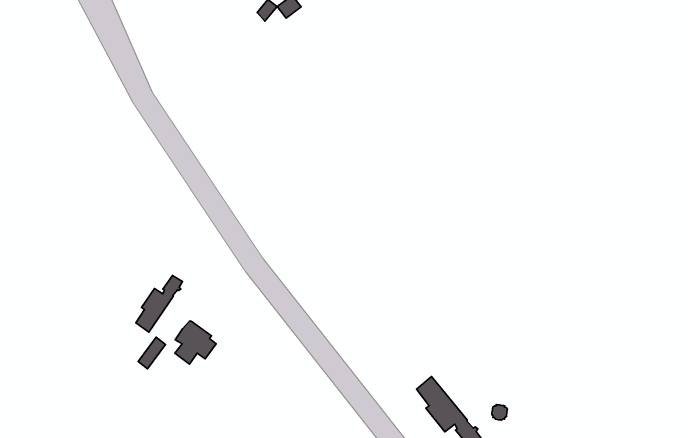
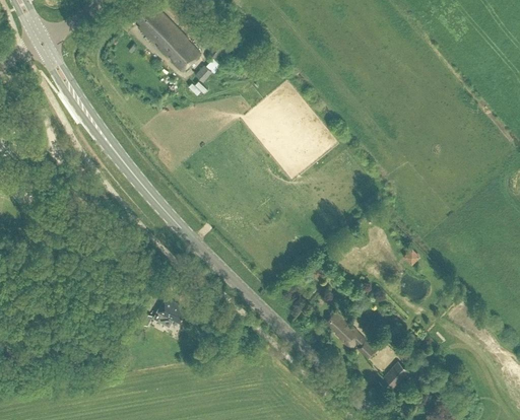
building: [136,275,182,332] -> none

